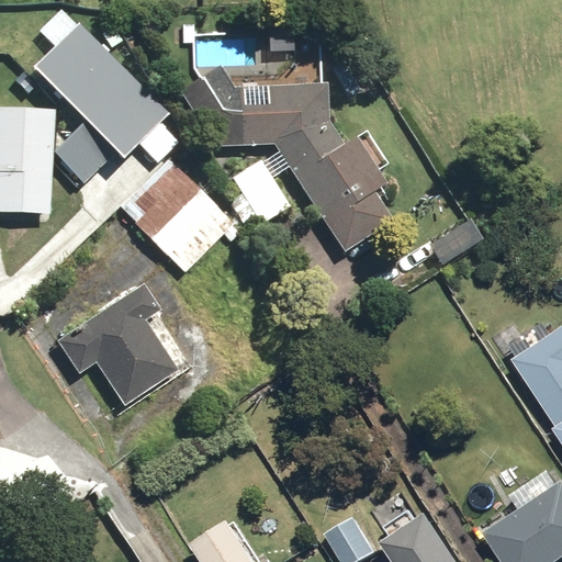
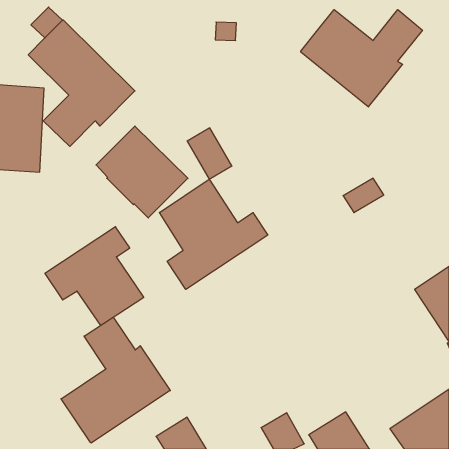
building: none -> [301,10,422,107]
building: [178,63,394,251] -> none
building: none -> [159,179,268,289]
building: none -> [61,317,170,443]

